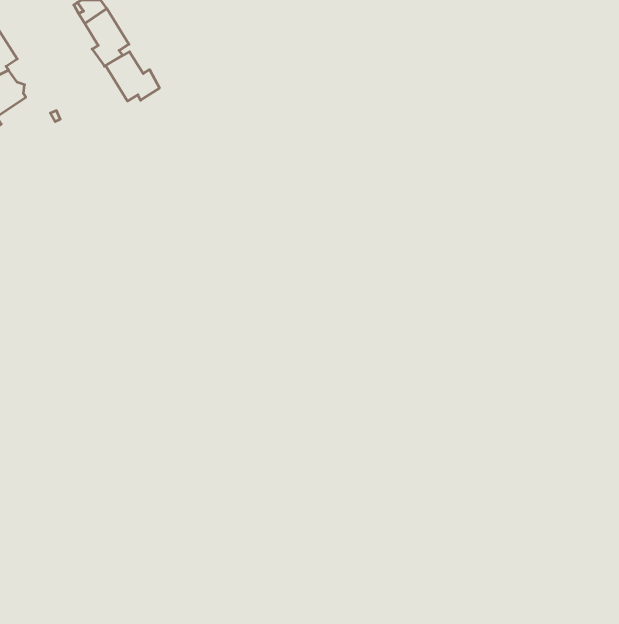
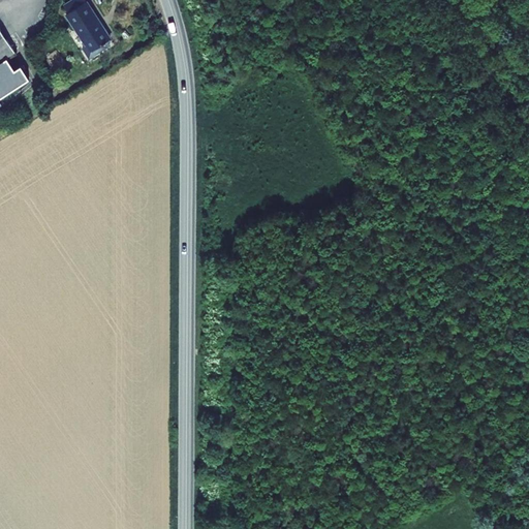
building: [106,52,159,101] -> none

